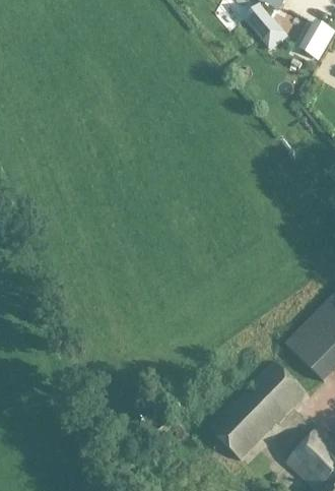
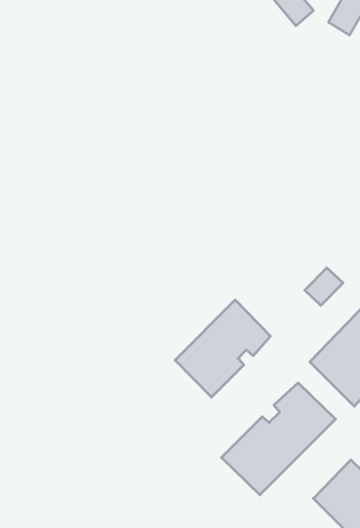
building: none -> [305,268,343,305]
building: none -> [175,300,270,397]

